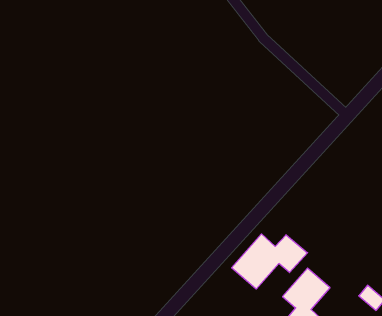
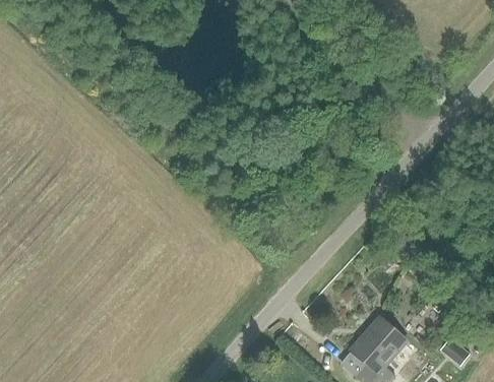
building: [232,234,308,289] -> none

